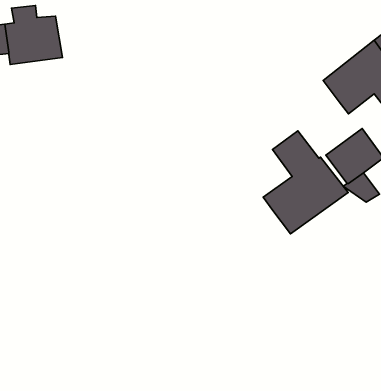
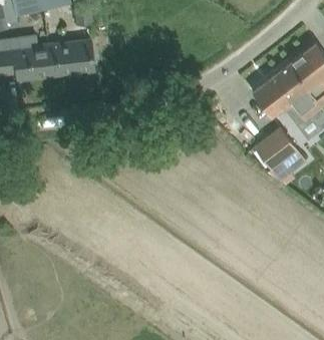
building: none -> [51,40,93,75]
building: [263,131,348,234] -> none

